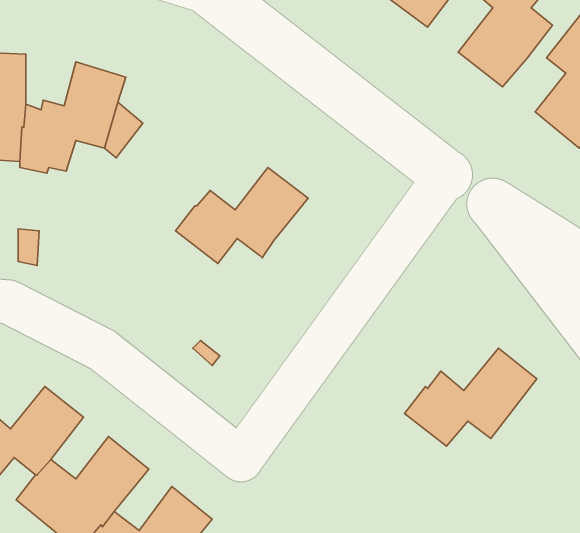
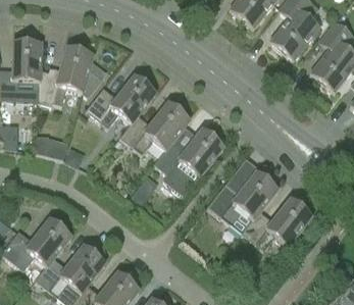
building: none -> [86,74,156,126]
building: none -> [153,129,223,196]
building: none -> [207,171,277,223]

